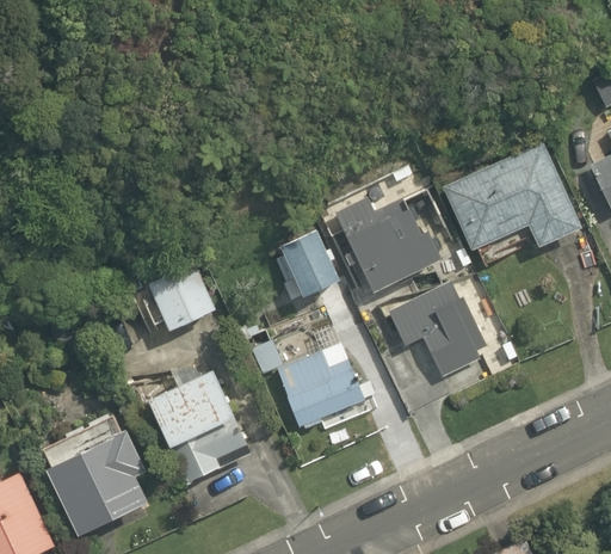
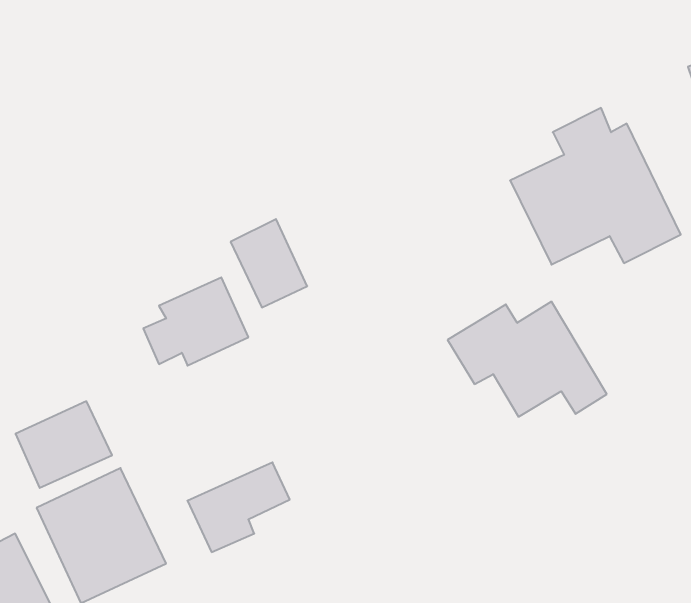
building: [335,179,446,293] -> none
building: [271,228,335,302] -> [231,219,307,307]
building: [246,322,370,430] -> none
building: [147,376,228,449] -> [15,401,112,488]

